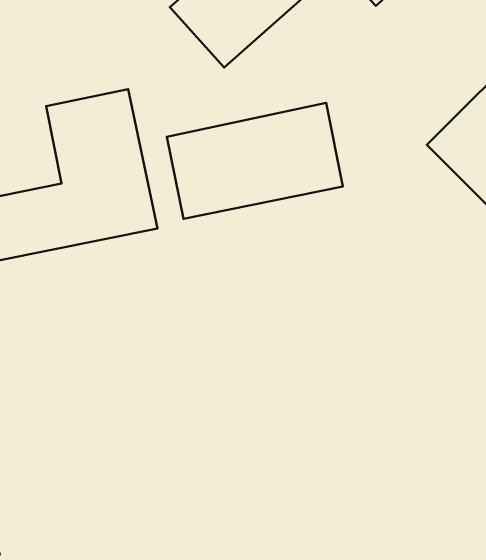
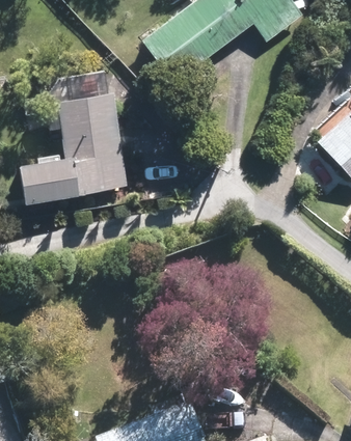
building: [167,103,343,219] -> none

